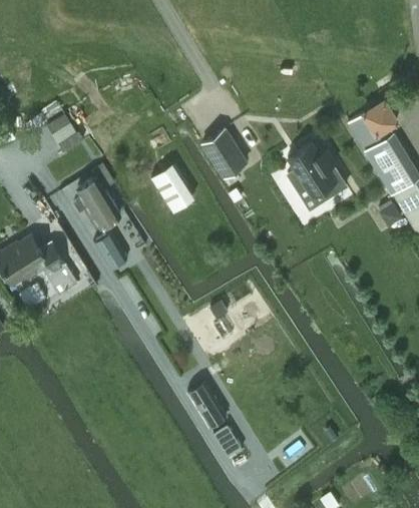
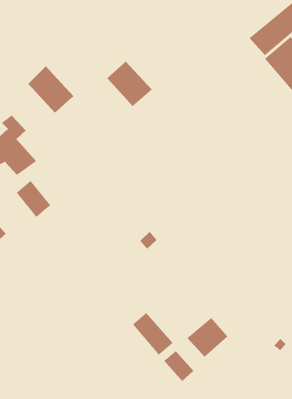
building: [287,143,346,200] -> none
building: [150,163,194,212] -> [28,66,74,113]
building: none -> [187,317,228,357]

